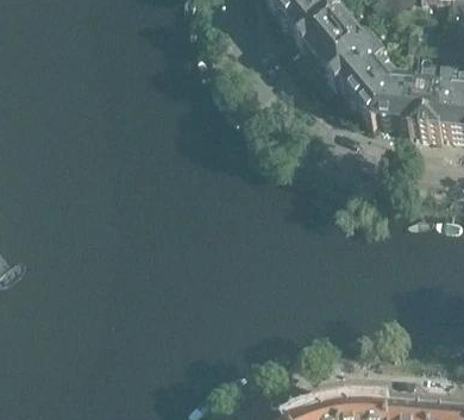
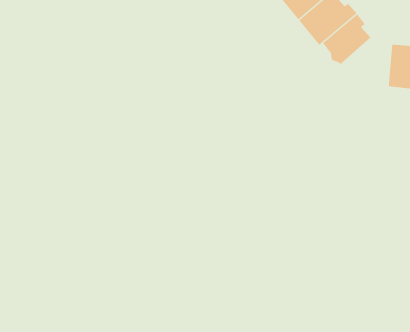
building: [358,74,412,121] -> none

